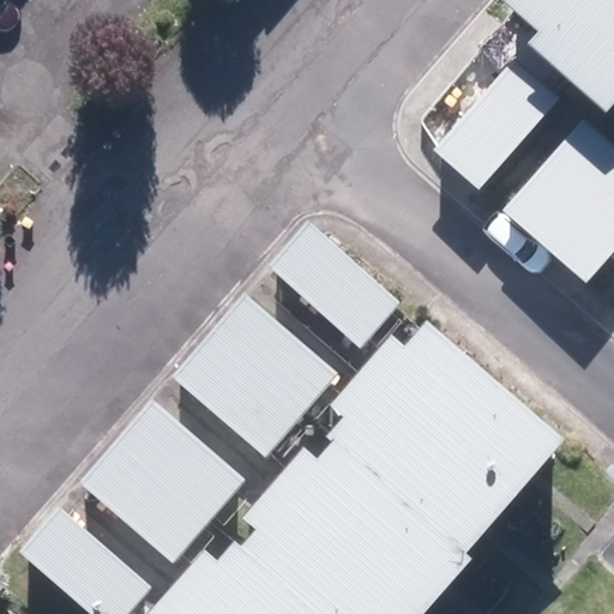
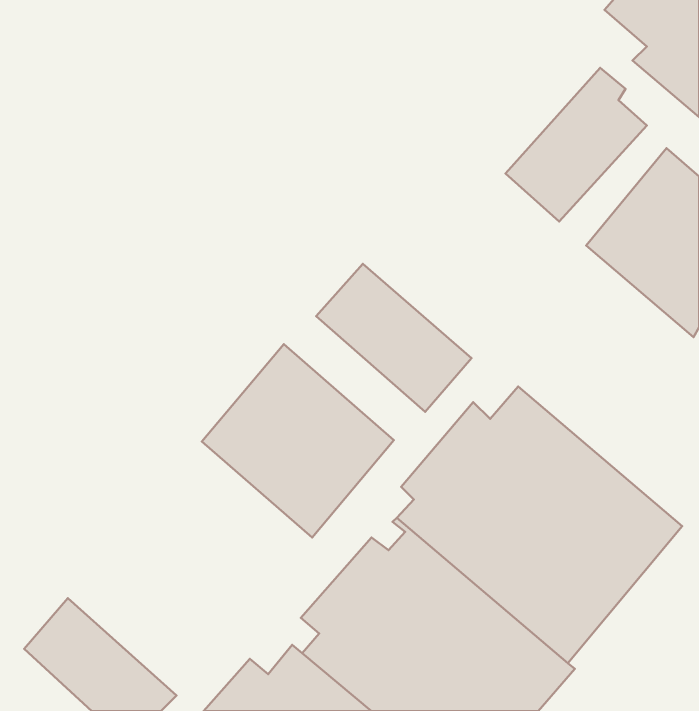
building: [84,402,245,561] -> none

